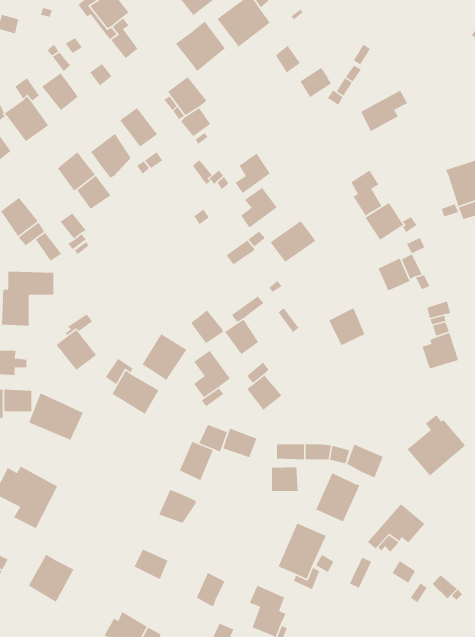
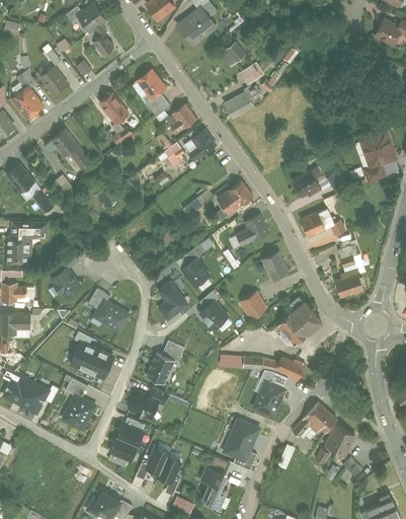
building: [175,20,226,72] -> none
building: [360,89,408,132] -> [224,85,261,119]
building: [90,133,131,179] -> none
building: [350,170,382,217] -> none
building: [240,187,278,228] -> [168,103,197,136]
building: none -> [232,217,262,247]
building: [190,310,224,344] -> none
building: [142,333,187,381] -> none
building: none -> [238,290,268,321]
building: [28,393,84,441] -> [70,341,113,378]
building: [407,414,466,477] -> [275,297,322,346]
building: [222,428,257,458] -> none
building: [271,467,299,492] -> none
building: none -> [116,423,144,447]
building: none -> [324,425,354,455]
building: [28,553,74,603] -> [60,391,96,430]
building: none -> [144,447,168,476]

